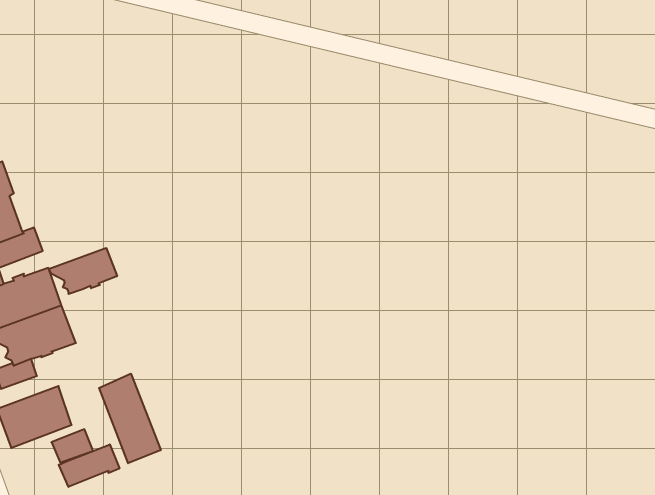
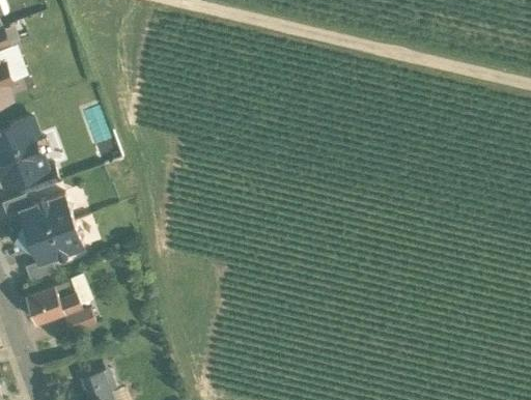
building: [49,248,117,294] -> none
building: [99,374,161,463] -> none
building: [59,444,119,487] -> none

